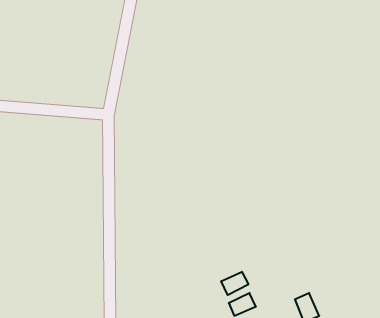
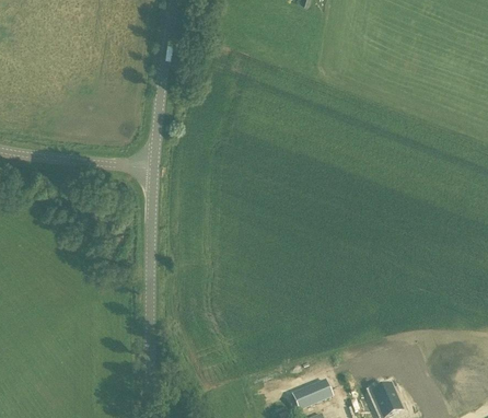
building: [221,272,248,295] -> none

